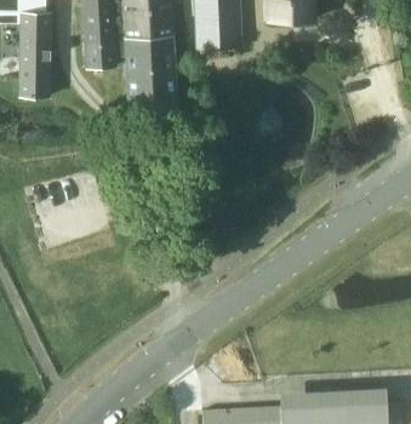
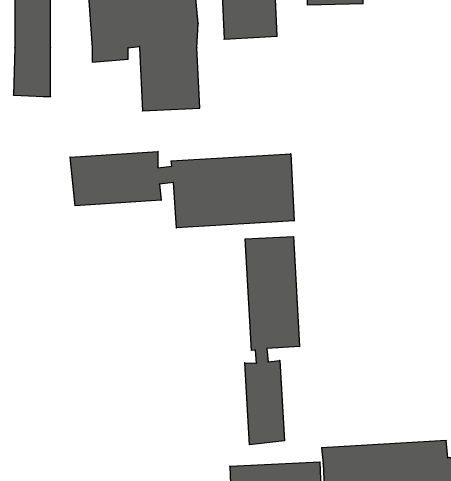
building: none -> [70,151,294,228]
building: none -> [245,237,299,445]

